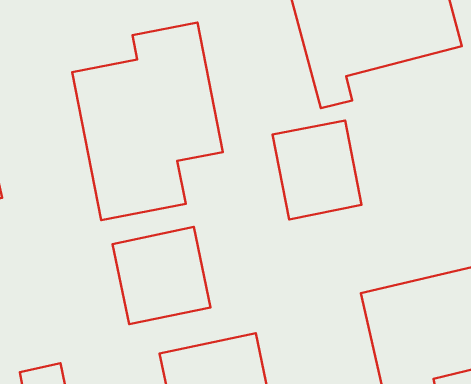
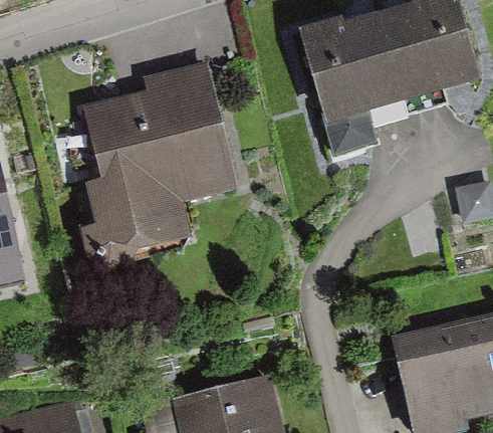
building: [272,121,361,220] -> none
building: [113,227,210,324] -> none

